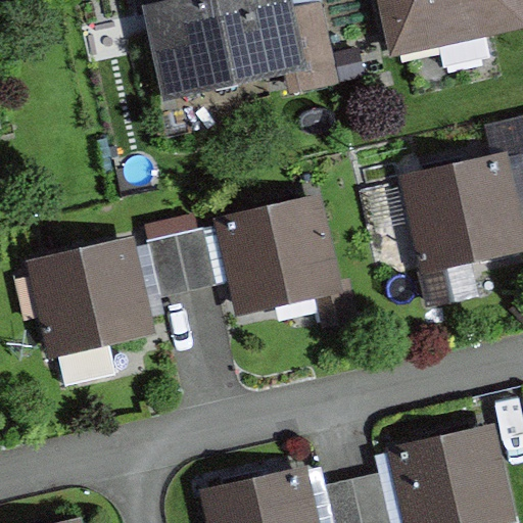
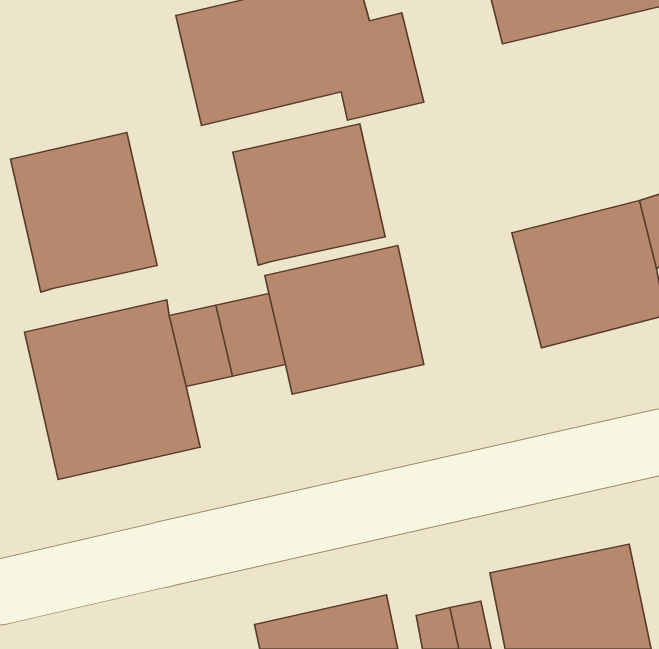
building: none -> [233,124,385,265]
building: none -> [10,133,157,292]

